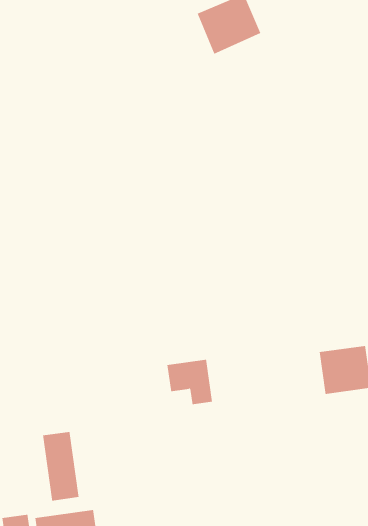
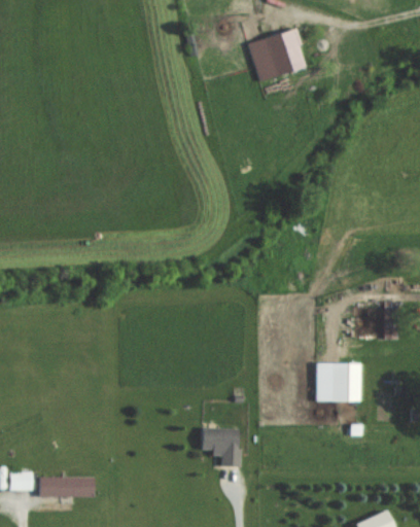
building: [167,359,213,405] -> [203,428,240,467]
building: [42,431,79,501] -> none

